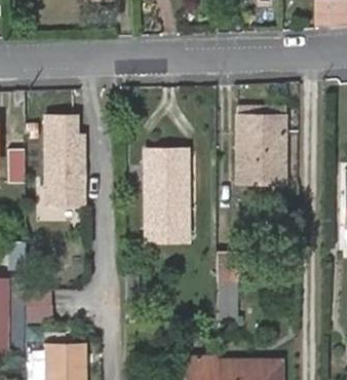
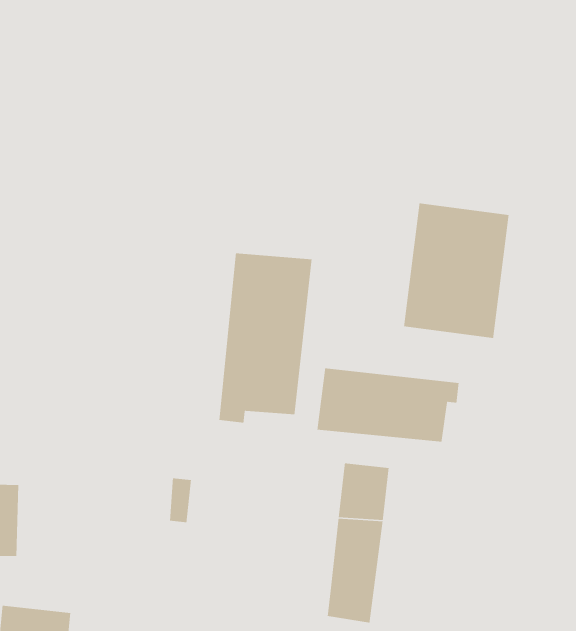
building: [44,117,83,205] -> none
building: none -> [317,368,459,443]

